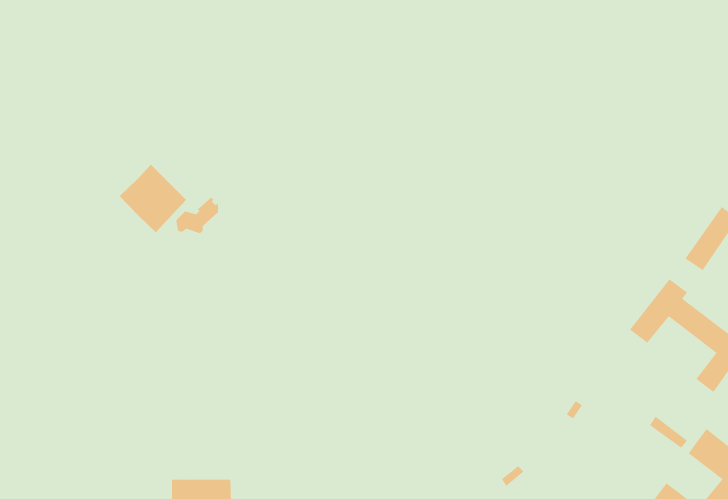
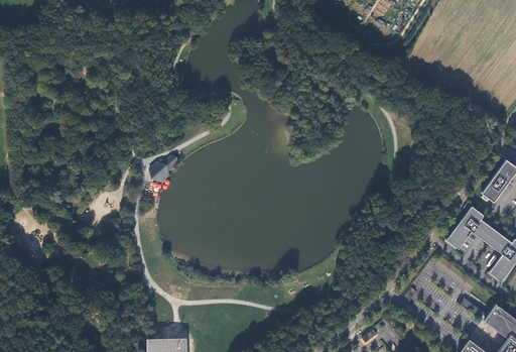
building: [119,164,187,233] -> none

